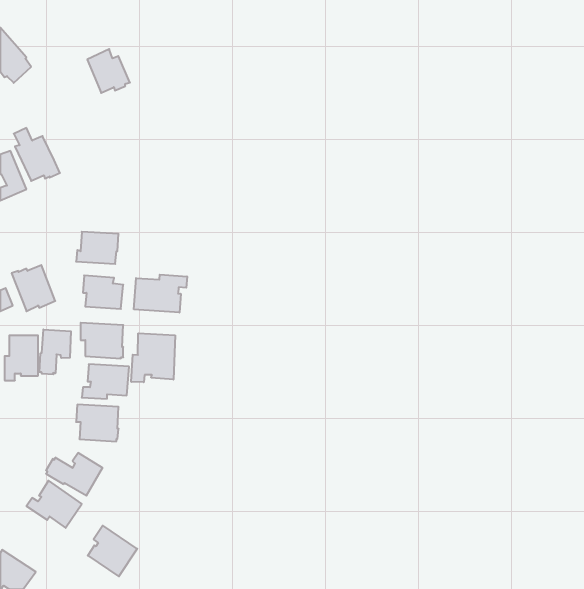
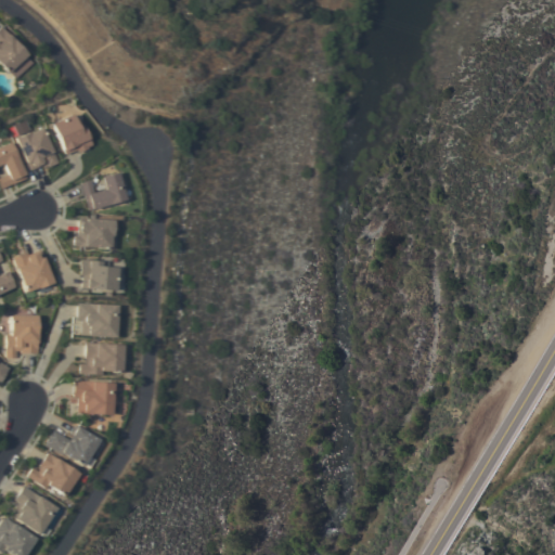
building: [87,49,130,93] -> [55,114,95,155]
building: none -> [83,172,128,210]
building: [134,275,187,313] -> none
building: [39,329,71,374] -> none
building: [131,333,175,382] -> none
building: [88,526,137,576] -> [12,487,59,534]

